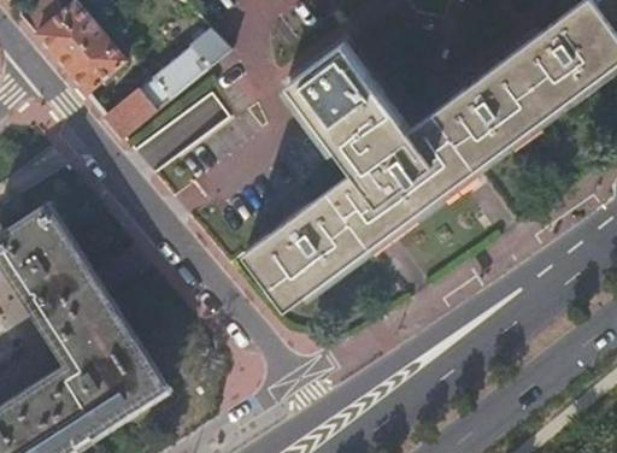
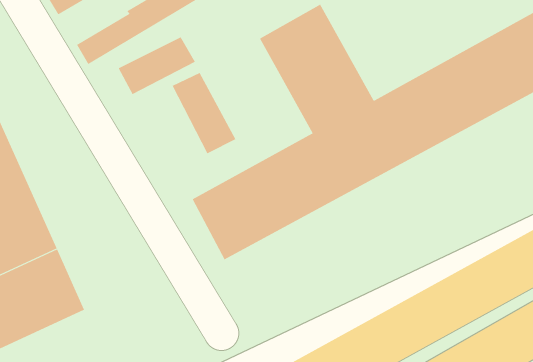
building: none -> [172,72,236,154]

